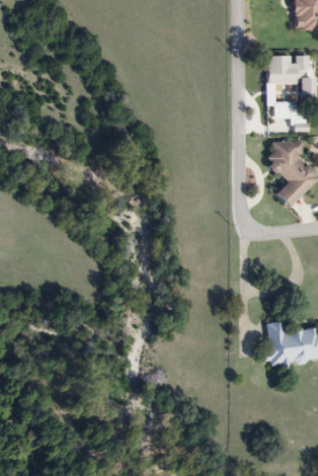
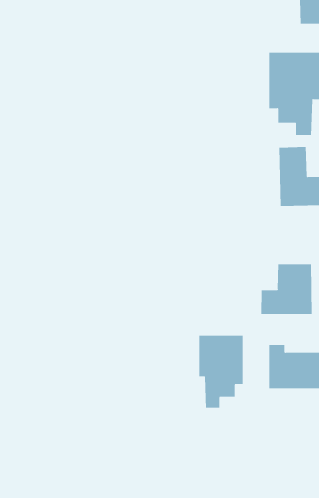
building: none -> [261,263,312,315]
building: none -> [199,335,243,408]

